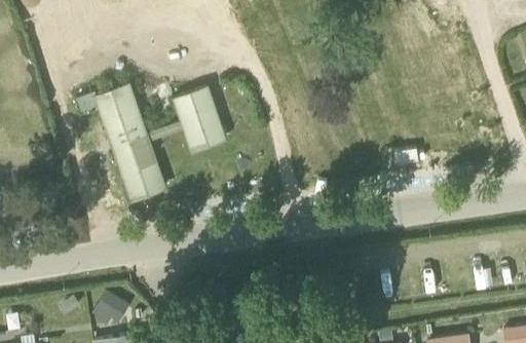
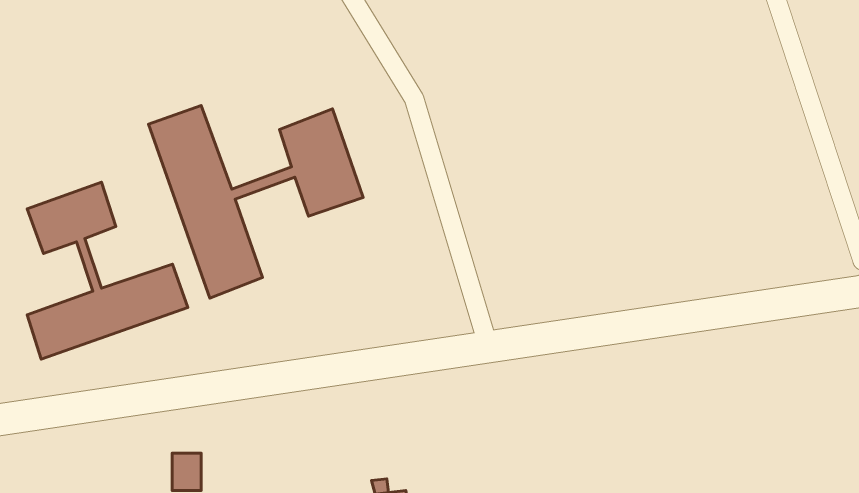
building: none -> [27,182,188,359]

